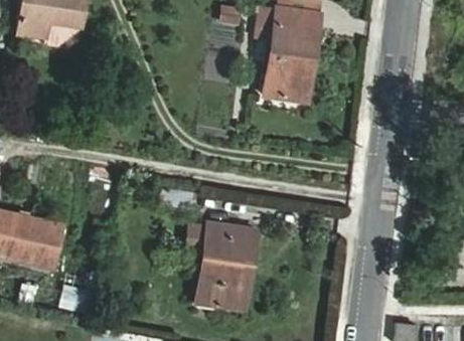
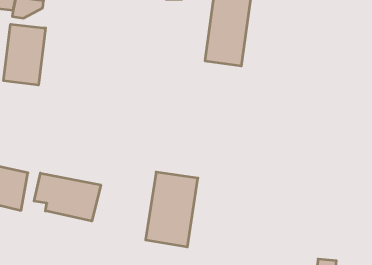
building: none -> [4,24,46,85]
building: none -> [34,173,101,221]

